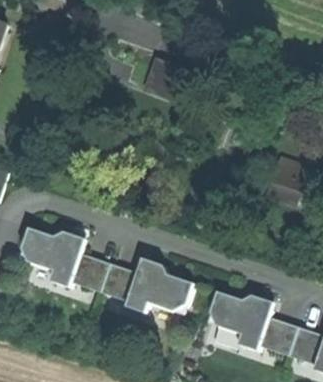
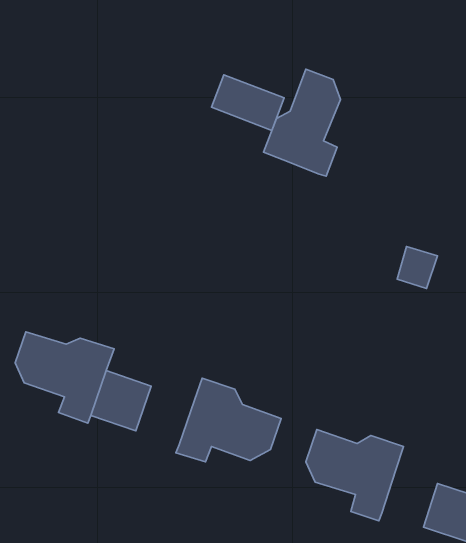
building: none -> [264,69,340,176]
building: [99,263,137,301] -> none
building: [258,317,294,354] -> none

